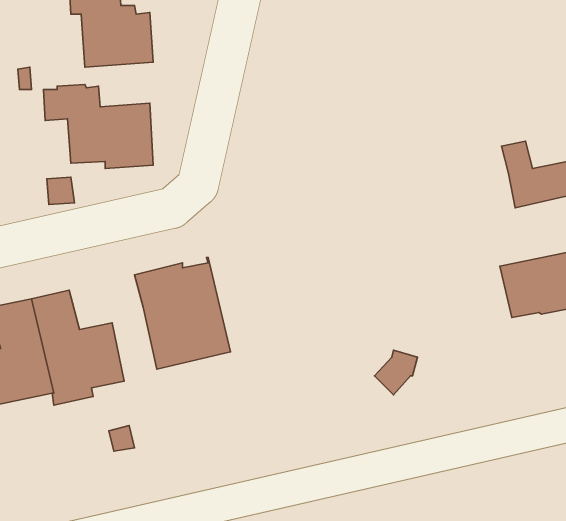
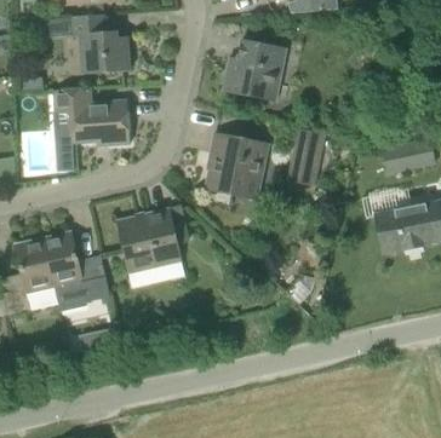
building: none -> [223,39,287,100]
building: none -> [287,128,325,186]
building: none -> [205,132,268,198]

